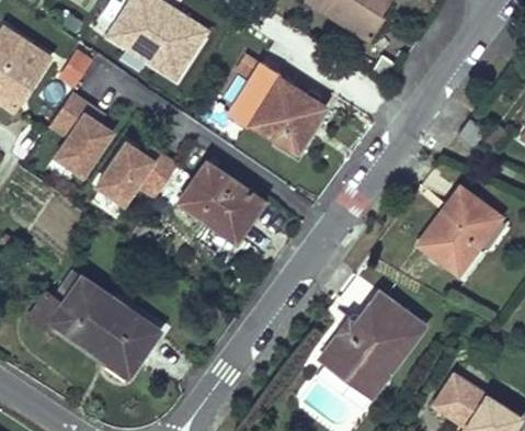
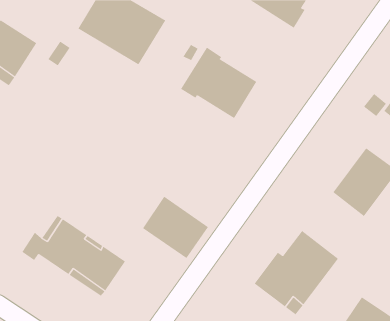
building: [46,94,117,179] -> none
building: [92,135,175,206] -> none
building: [180,162,263,241] -> [142,196,209,259]

